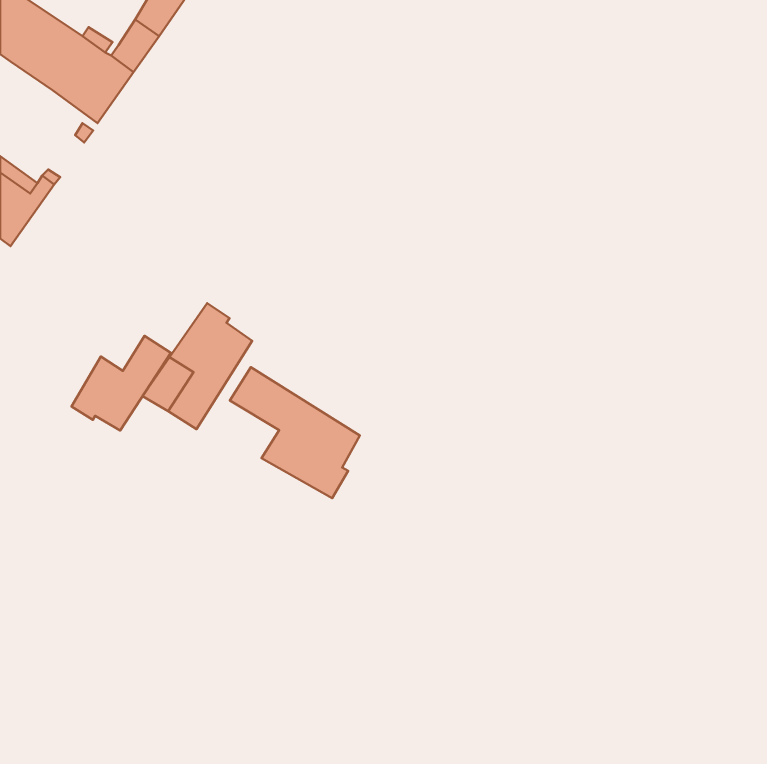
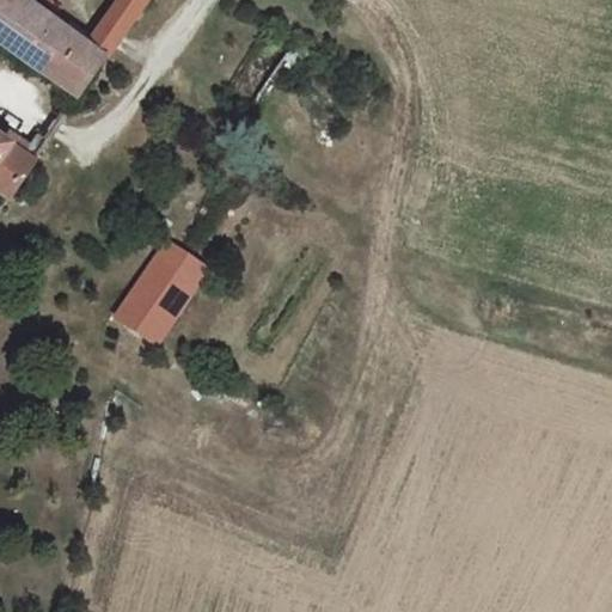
building: [71,336,171,430] -> none
building: [230,367,360,498] -> none

